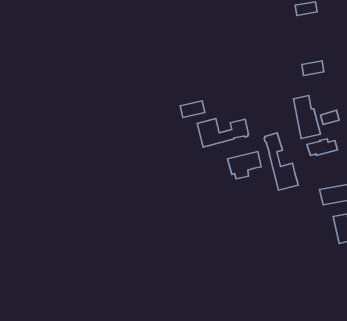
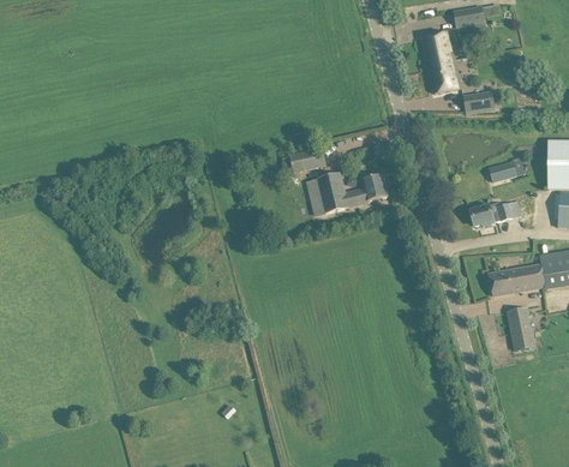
building: [294,95,321,139] -> [423,32,461,94]
building: [264,133,298,190] -> none
building: [227,152,261,179] -> none

